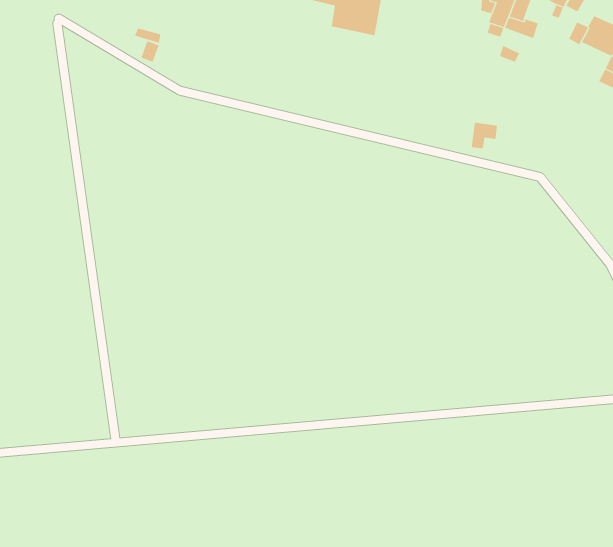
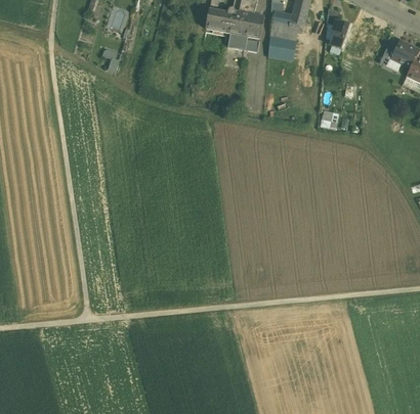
building: none -> [268,35,296,59]

